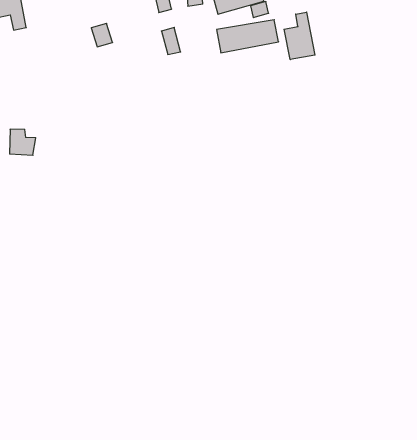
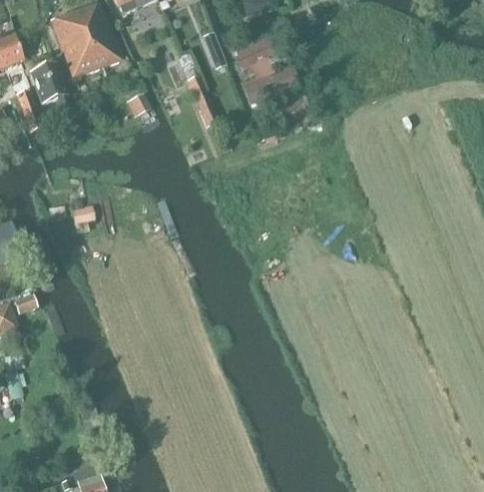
building: [284,12,315,60] -> none

